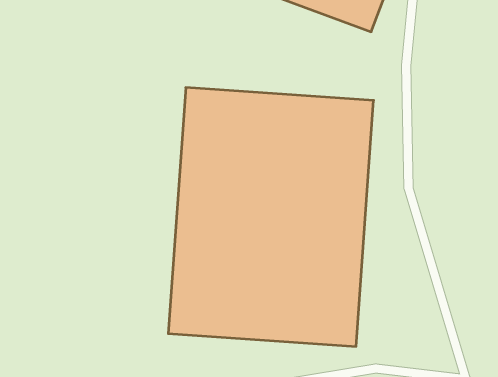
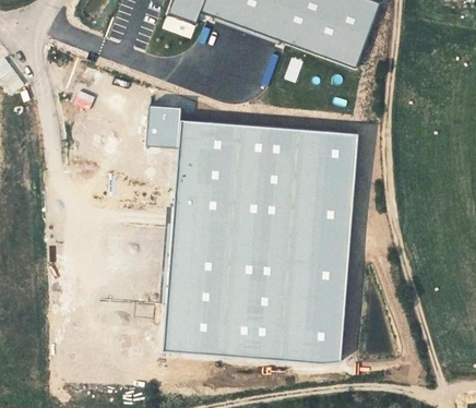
building: none -> [145,106,180,147]

